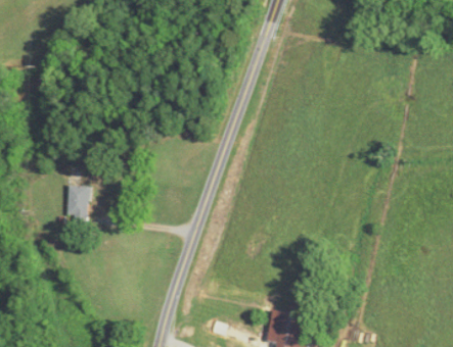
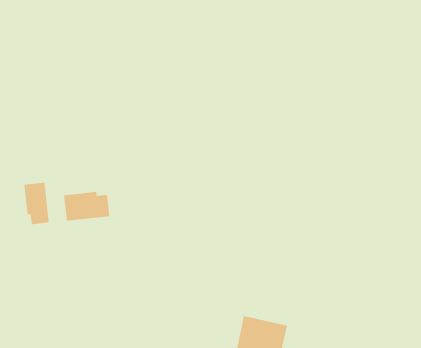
building: none -> [63,191,110,221]

